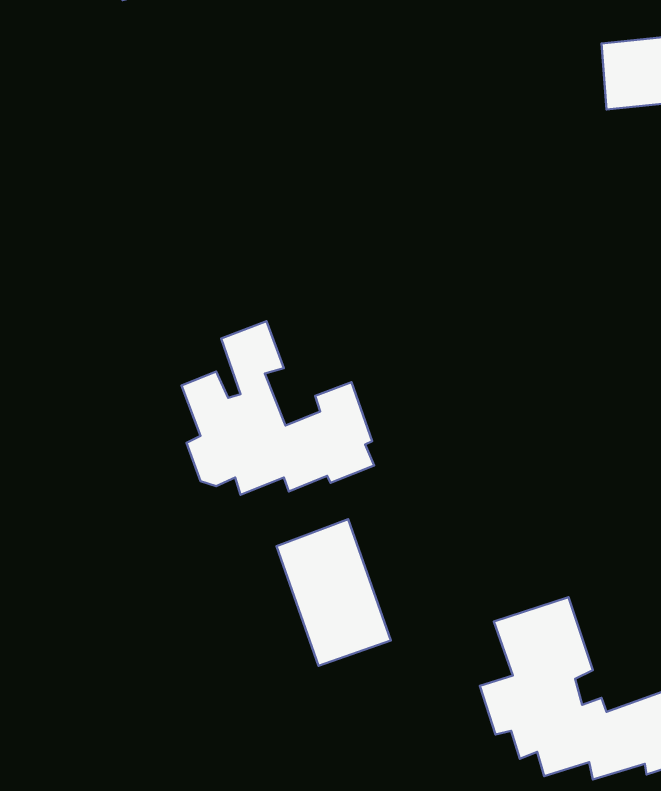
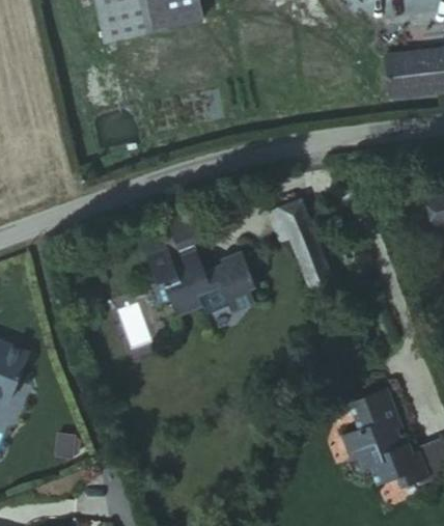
building: none -> [263,194,337,295]
building: [276,519,391,666] -> none

